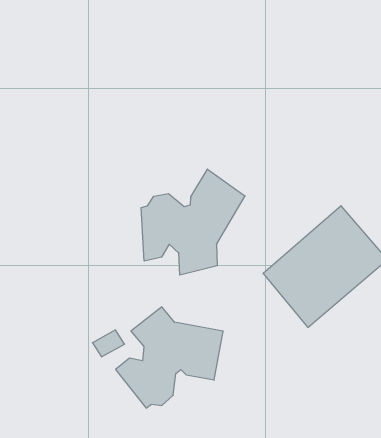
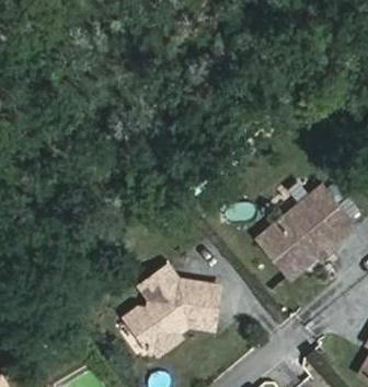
building: [141,169,245,275] -> none

